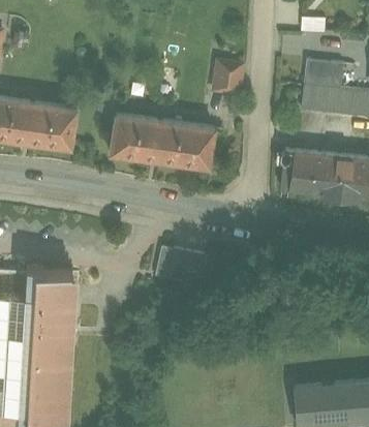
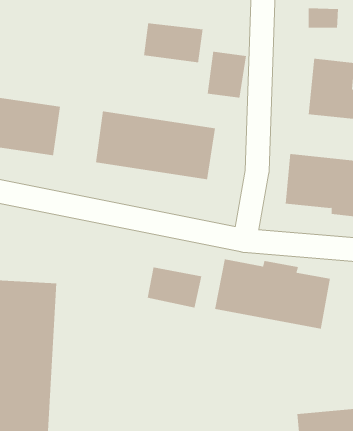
building: none -> [144,22,203,63]
building: none -> [214,258,331,329]

